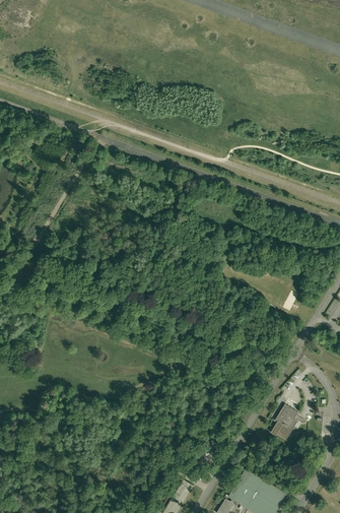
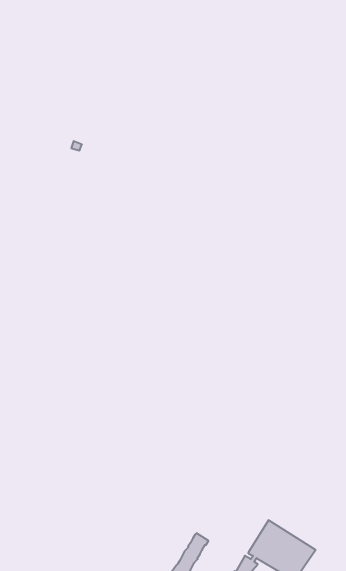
building: [271,404,298,440] -> none

